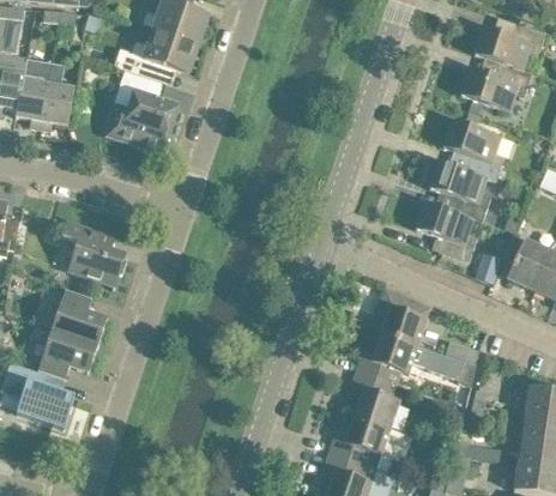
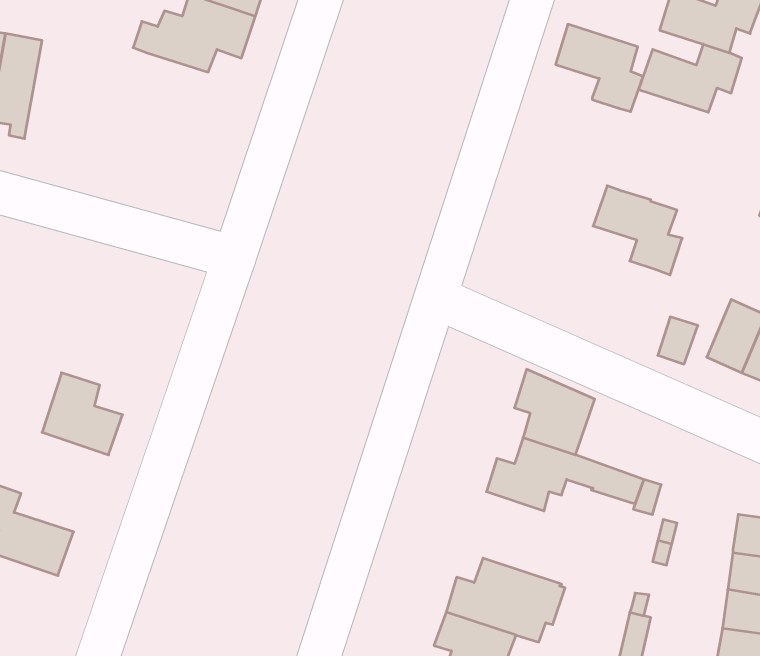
building: [40,61,74,131] -> none
building: [104,69,177,157] -> none
building: [443,120,503,180] -> [556,24,643,112]
building: [416,201,476,261] -> none
building: [61,222,123,289] -> none
building: [37,329,97,379] -> none
building: [348,370,407,434] -> none

